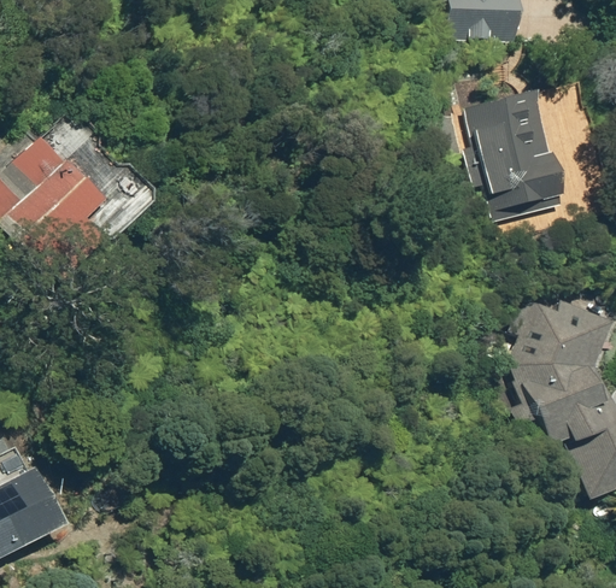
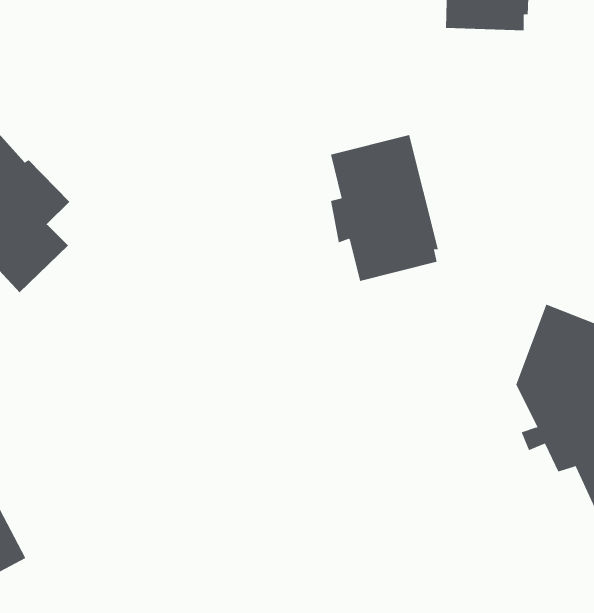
building: [467,87,565,220] -> [330,135,439,282]

